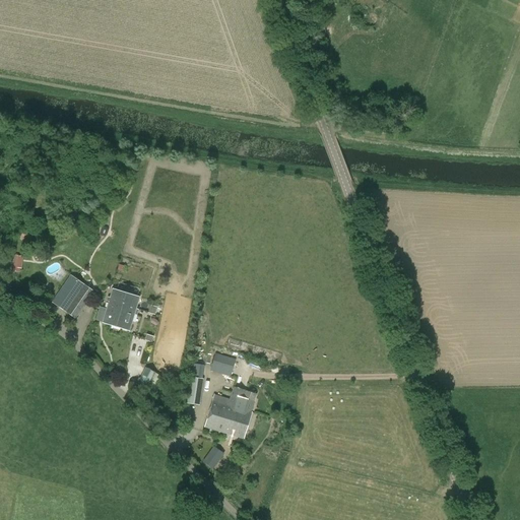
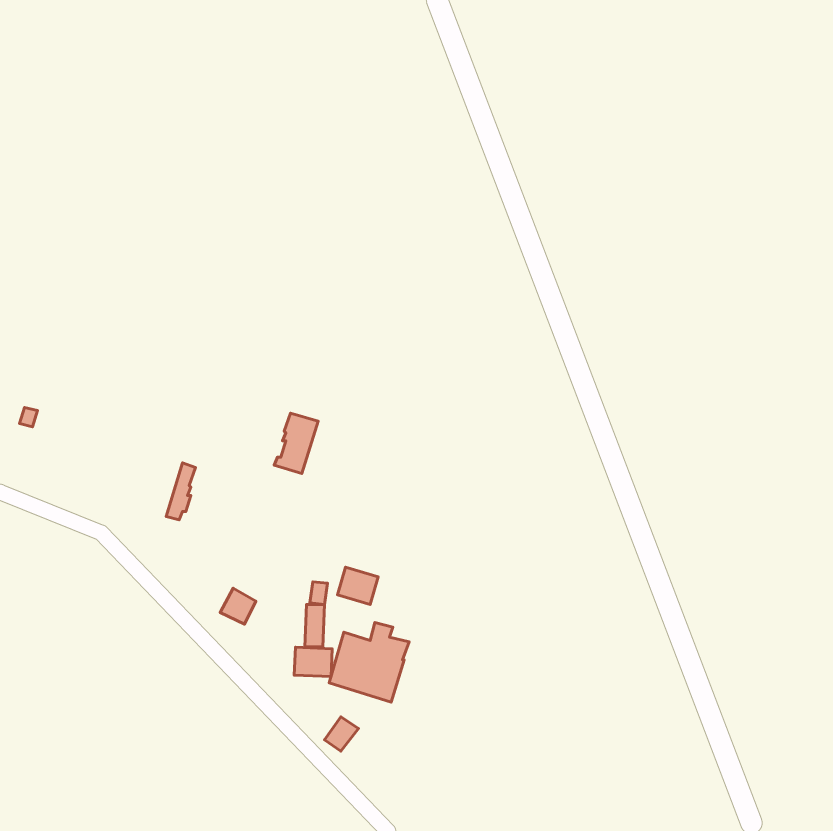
building: [52,274,94,318] -> none
building: [112,291,139,329] -> [274,413,318,473]
building: none -> [294,647,332,677]

